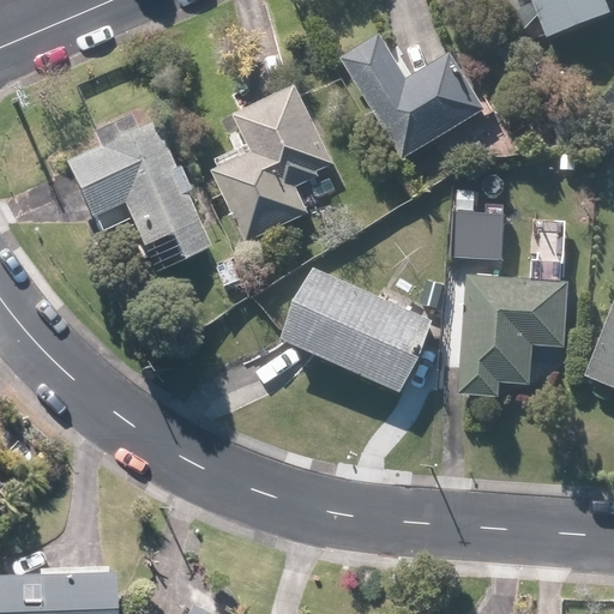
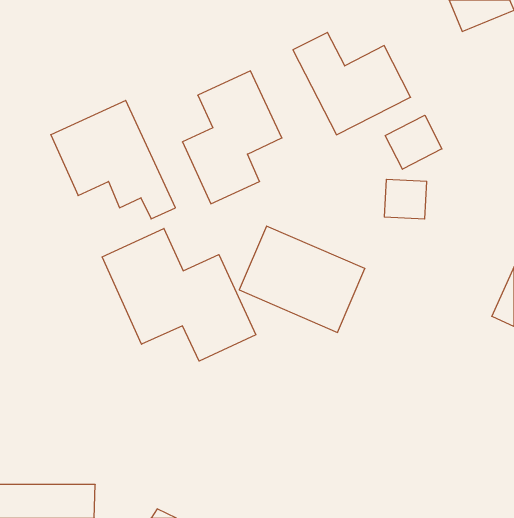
building: none -> [385,115,442,169]
building: none -> [102,228,256,361]
building: [455,276,566,393] -> none

